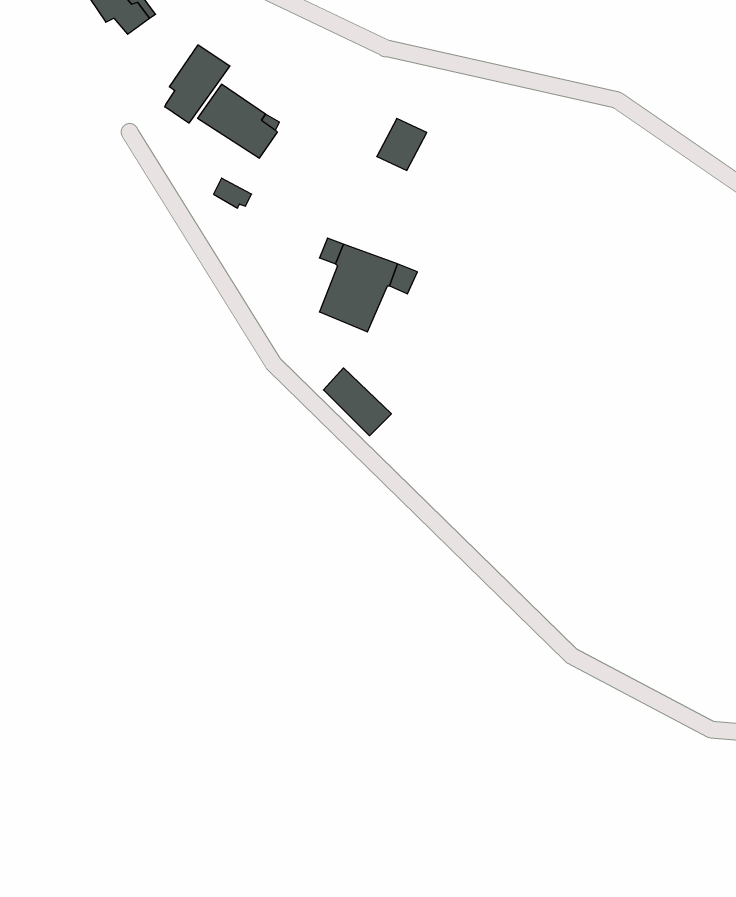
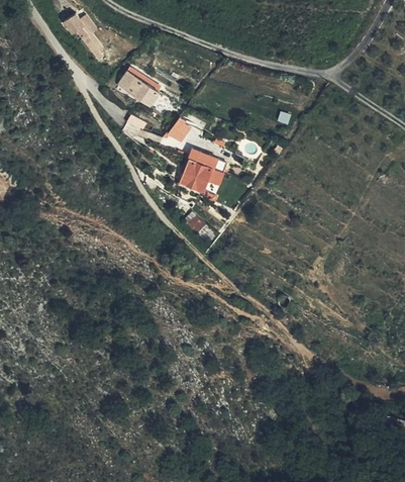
building: [165,45,230,123] -> none
building: [377,118,427,170] -> [168,115,193,141]

